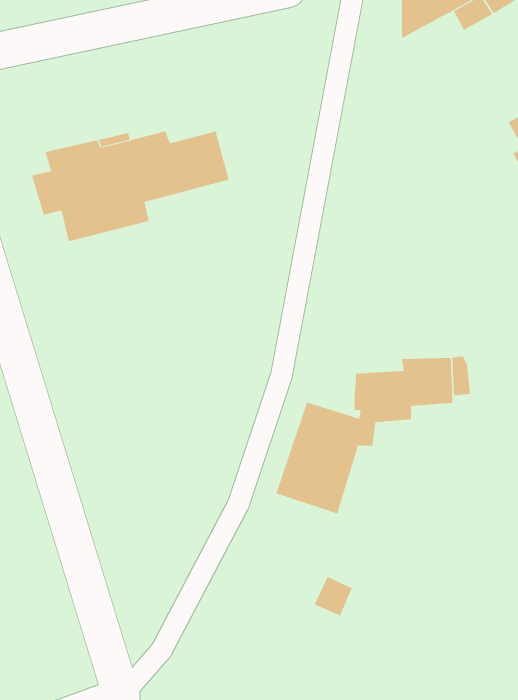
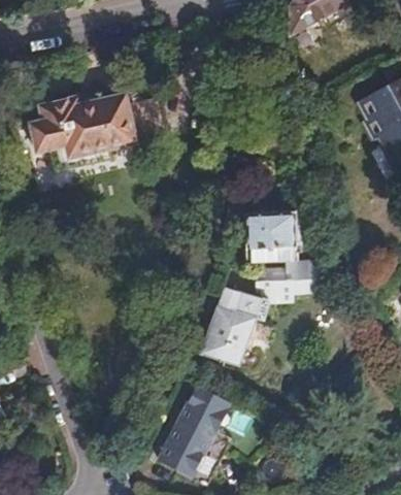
building: none -> [232,207,290,259]
building: none -> [162,385,232,483]

